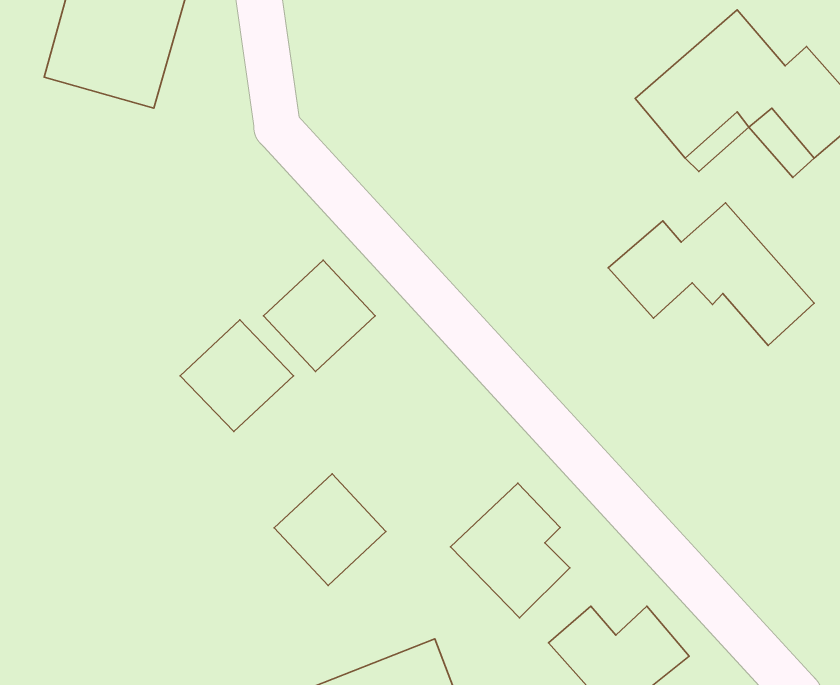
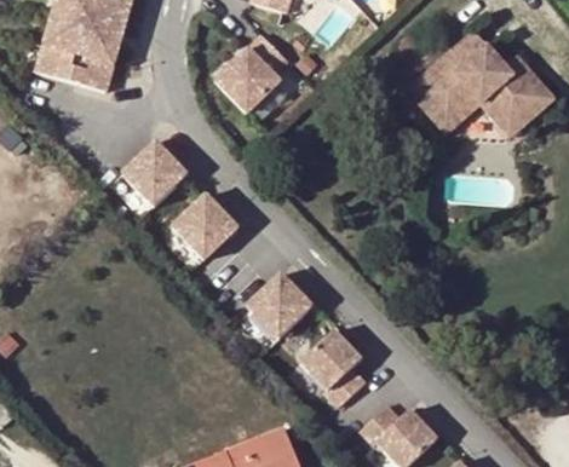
building: none -> [213,33,286,111]
building: [608,203,814,345] -> none
building: [180,320,294,431] -> [123,136,195,206]
building: [274,474,386,585] -> [251,267,321,338]

